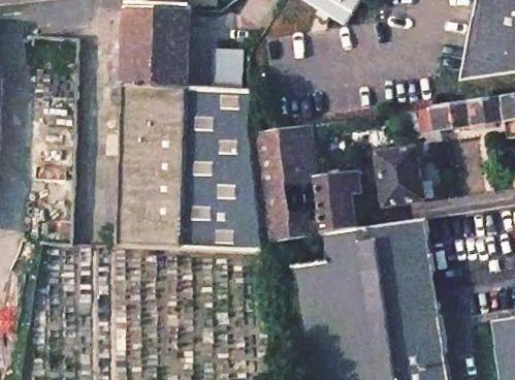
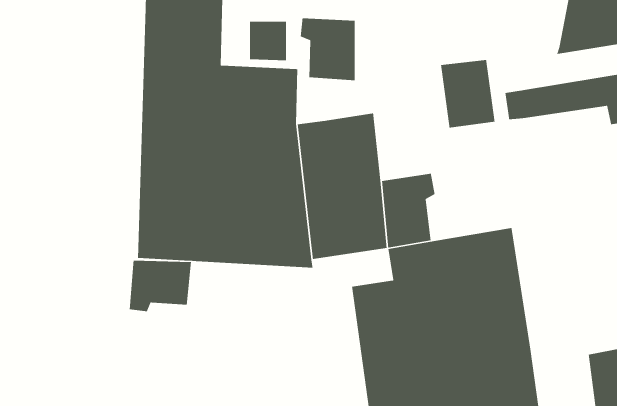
building: none -> [300,18,356,81]
building: [379,149,424,205] -> [440,59,496,128]
building: none -> [129,260,192,312]

